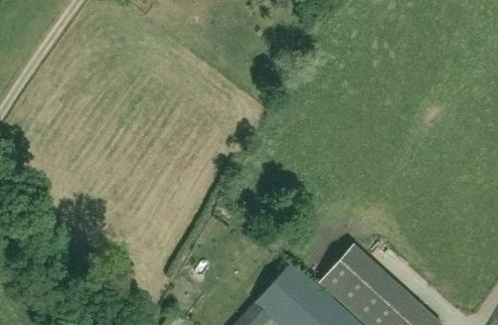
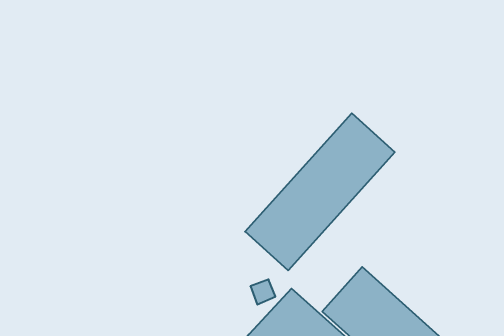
building: none -> [245,113,395,270]

